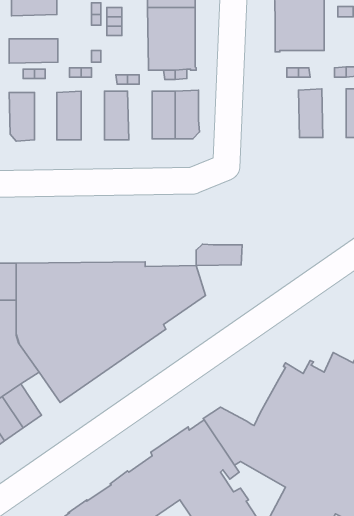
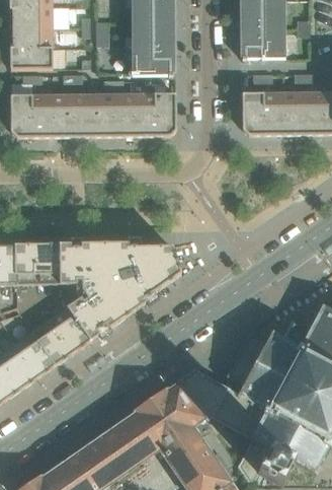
building: none -> [9,25,52,47]
building: none -> [281,90,303,133]
building: none -> [241,91,262,133]
building: none -> [72,92,92,135]
building: none -> [112,92,134,135]
building: none -> [31,93,51,135]
building: [196,244,242,265] -> none
building: none -> [19,338,54,375]

